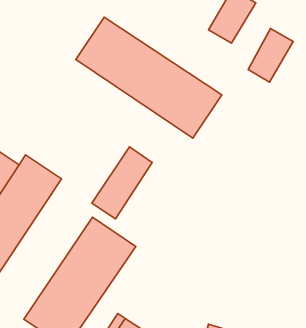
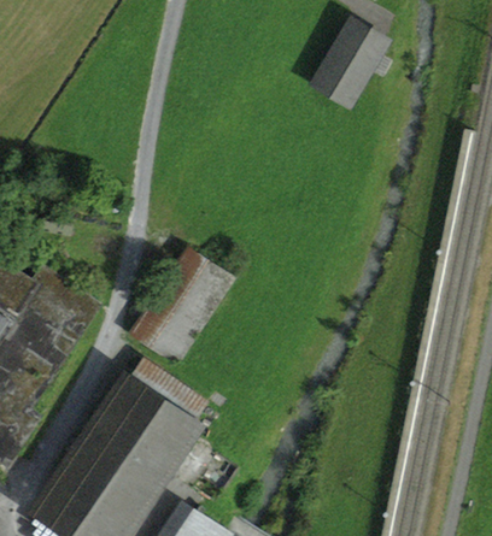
building: [76,17,222,138] -> none
building: [248,29,293,82] -> none

